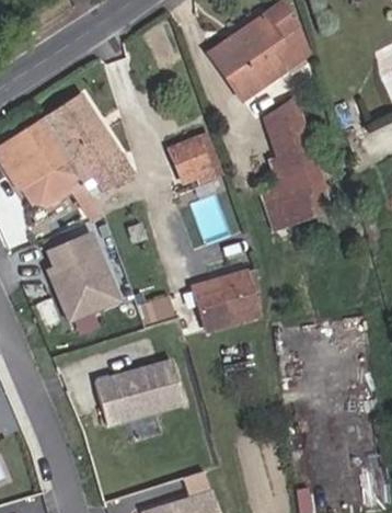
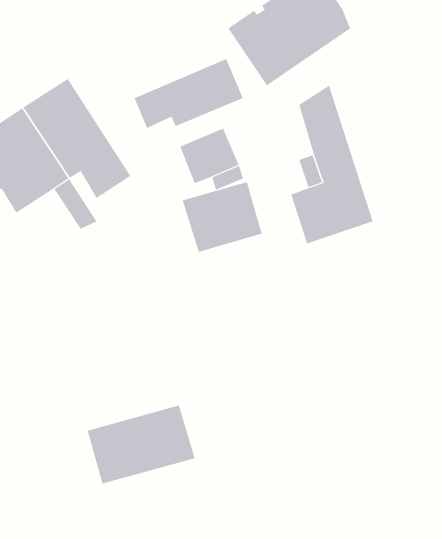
building: none -> [134,58,244,129]
building: [46,230,128,327] -> none
building: [193,271,258,329] -> [182,181,262,252]

